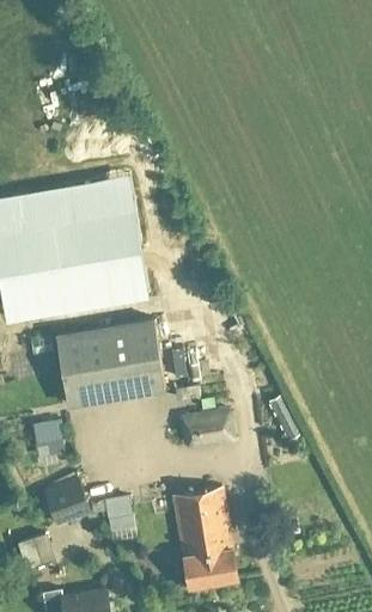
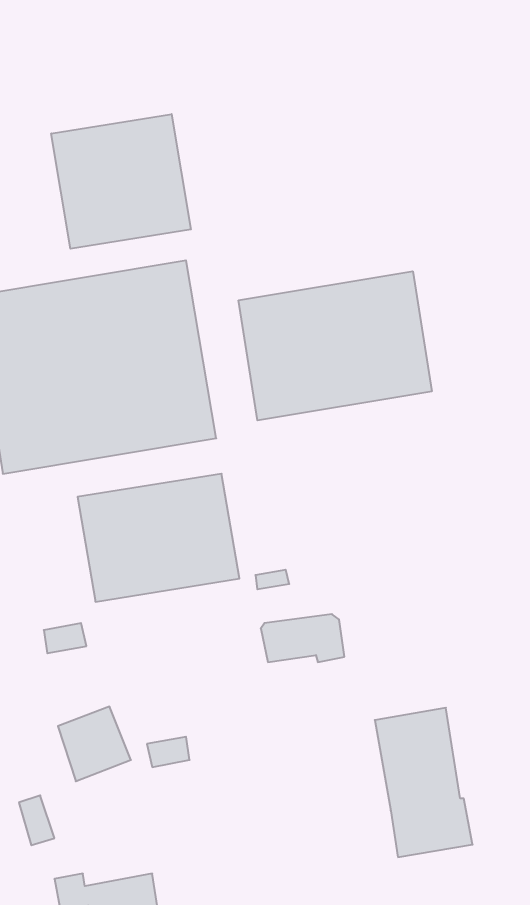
building: none -> [51,114,191,249]
building: none -> [239,271,432,420]
building: [172,486,238,587] -> [375,708,473,857]

